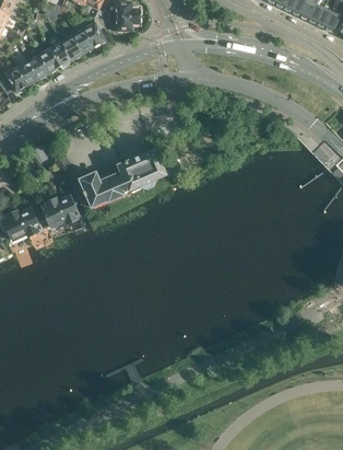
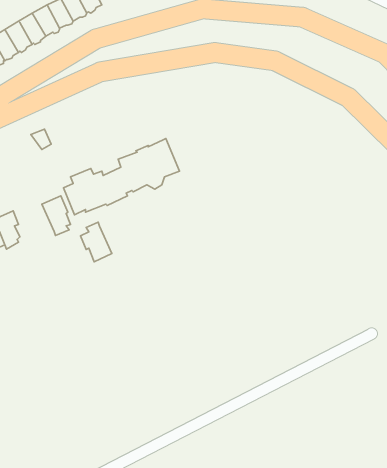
building: [40,197,66,229] -> [81,222,112,262]

